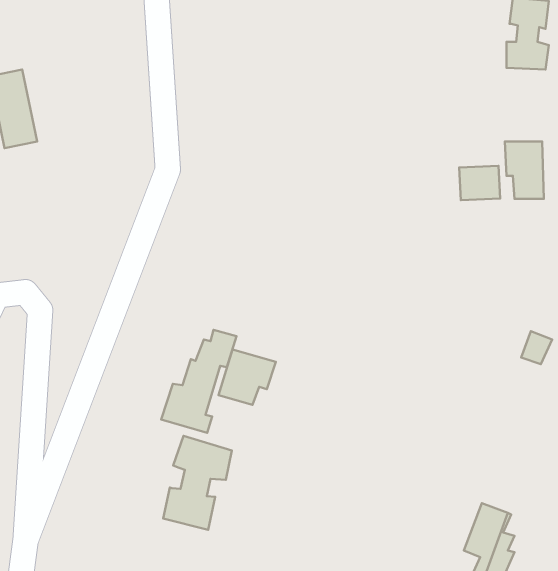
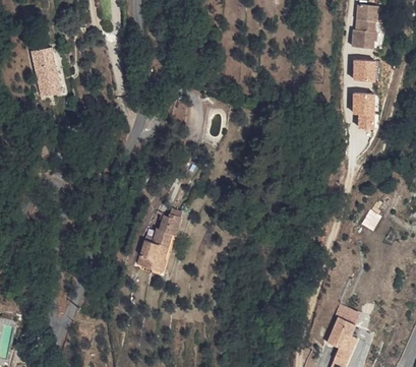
building: [459,166,500,200] -> [352,59,377,80]
building: [218,350,276,405] -> none
building: [163,436,232,530] -> none

